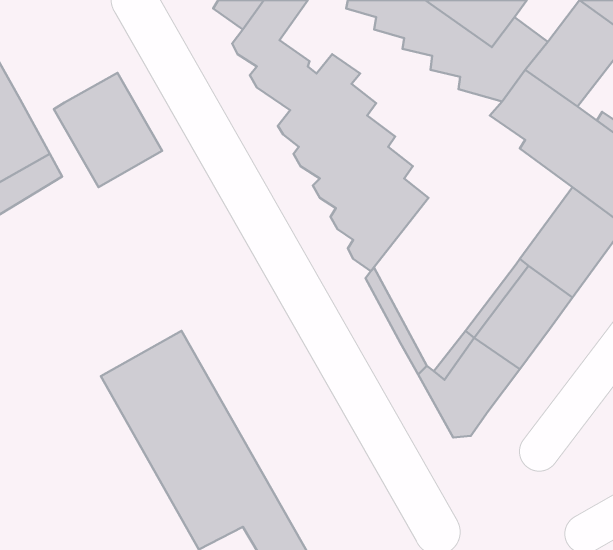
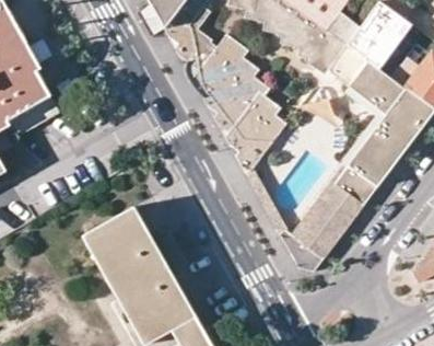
building: [54,73,162,187] -> none

